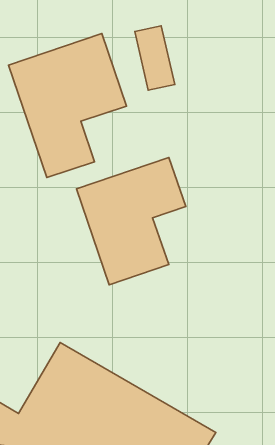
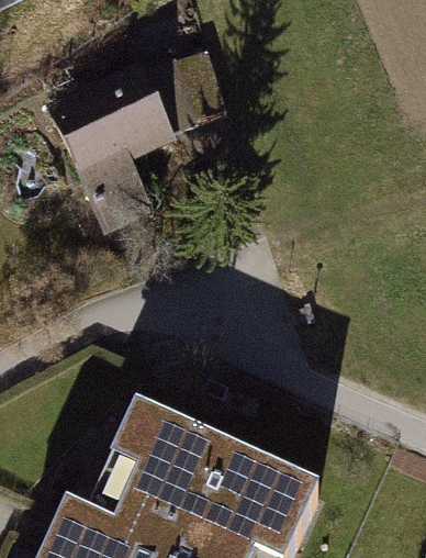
building: [76,158,186,285] -> none

